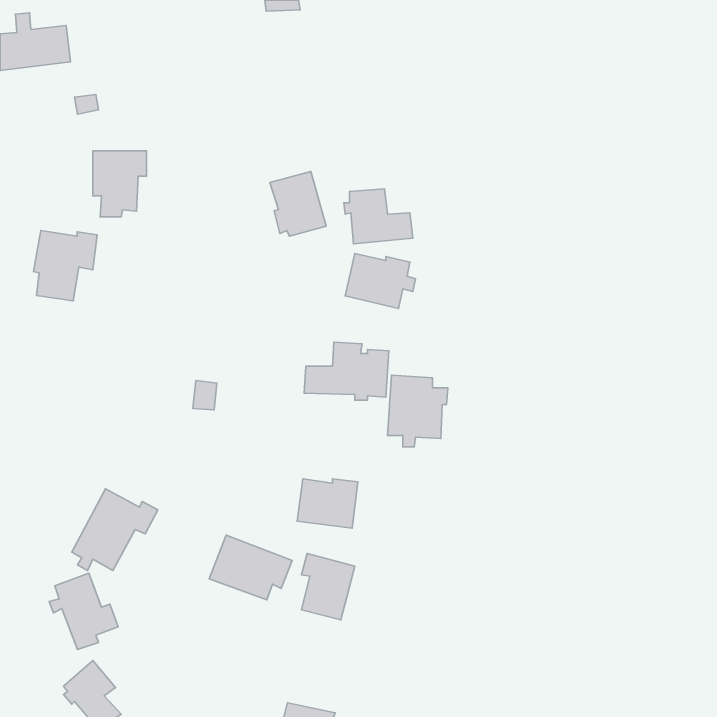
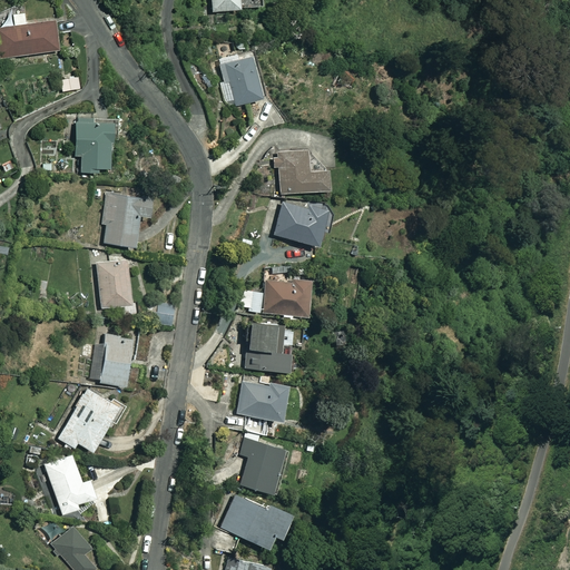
building: [270,171,326,236] -> [219,56,264,107]
building: [34,231,97,301] -> [100,193,150,248]
building: none -> [97,263,130,308]
building: [387,375,448,447] -> [245,321,293,377]
building: none -> [89,334,135,389]
building: [209,535,292,600] -> [222,494,287,546]

